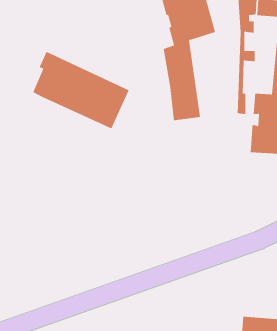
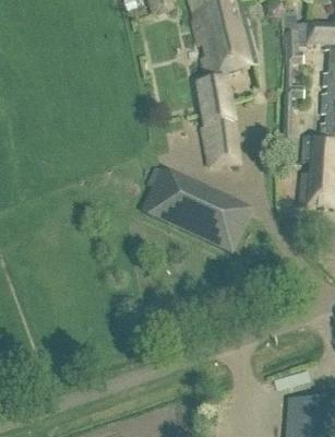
building: [32,51,129,129] -> [137,163,252,255]

